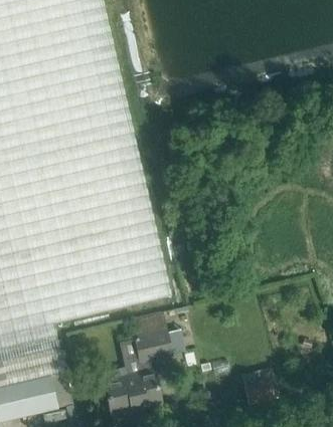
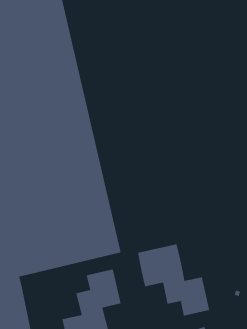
building: none -> [138,243,210,316]

